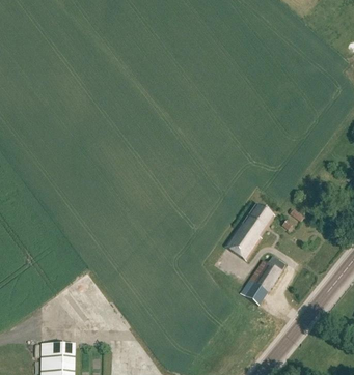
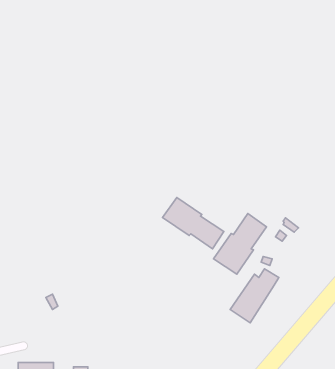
building: none -> [163,197,224,249]

